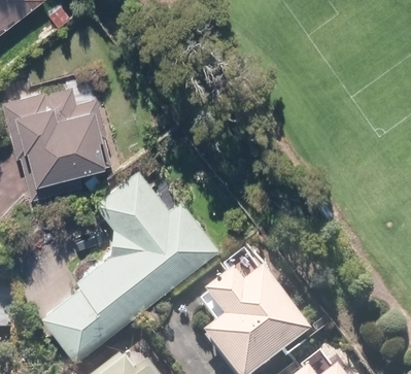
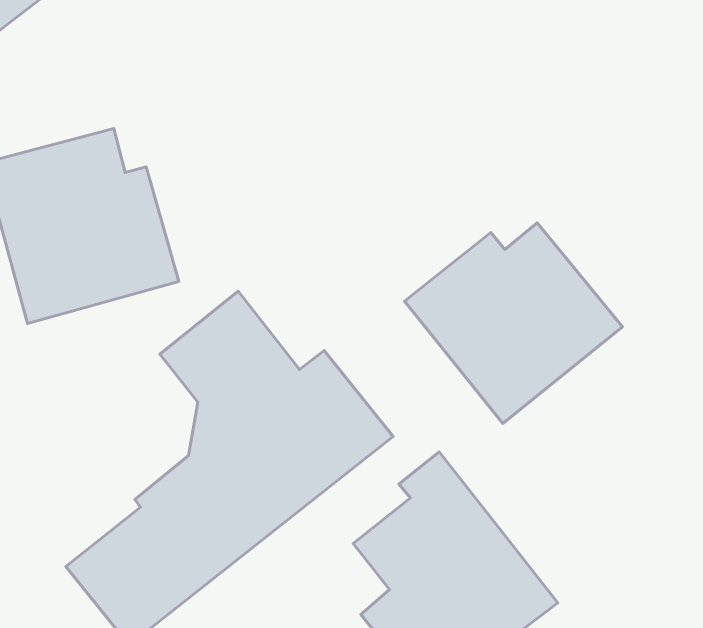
building: none -> [405,223,622,424]

